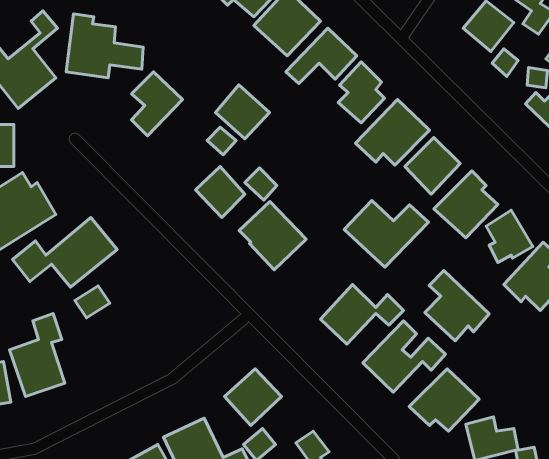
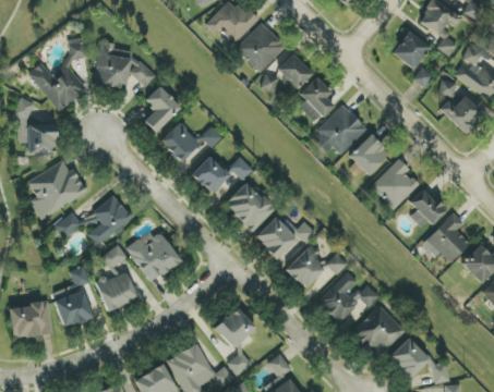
building: [216,85,269,139] -> [160,121,201,161]
building: [344,200,429,267] -> [254,216,317,266]
building: none -> [128,228,181,281]
building: [425,271,489,341] -> none
building: none -> [95,269,138,310]

